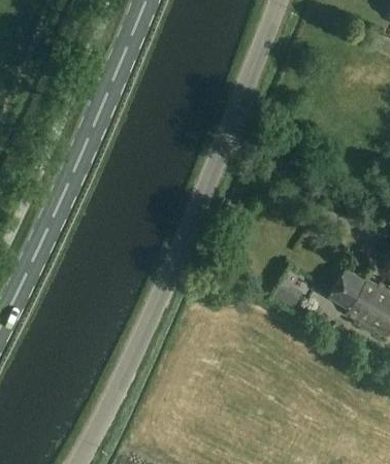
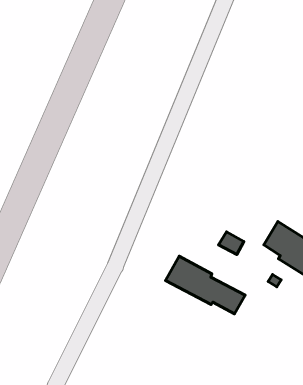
building: none -> [165,256,245,314]

